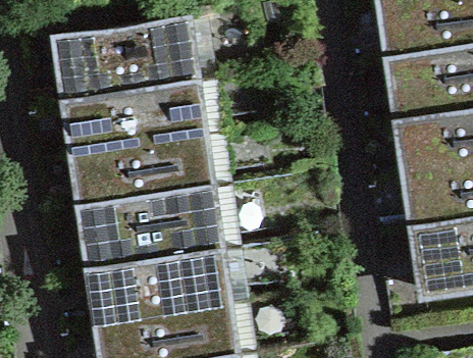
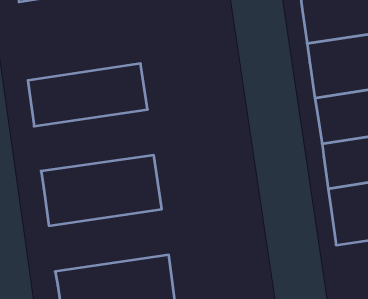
building: [57,17,197,101] -> none
building: [73,135,212,206] -> none
building: [91,250,229,322] -> none

